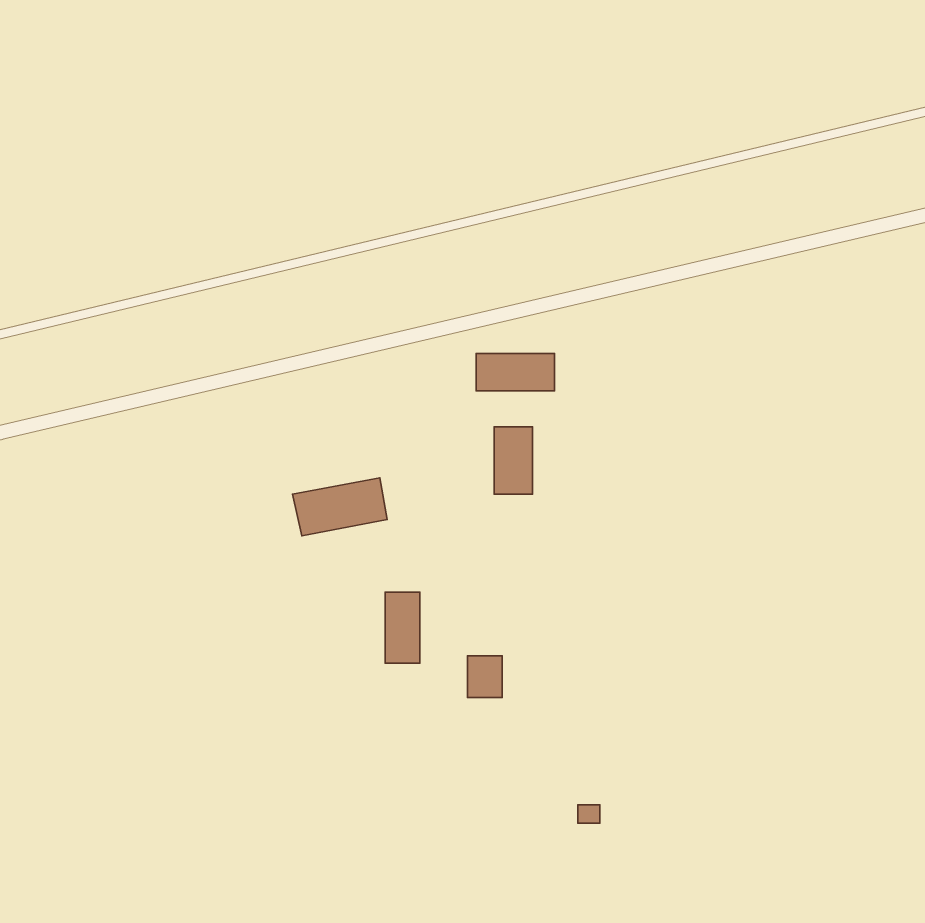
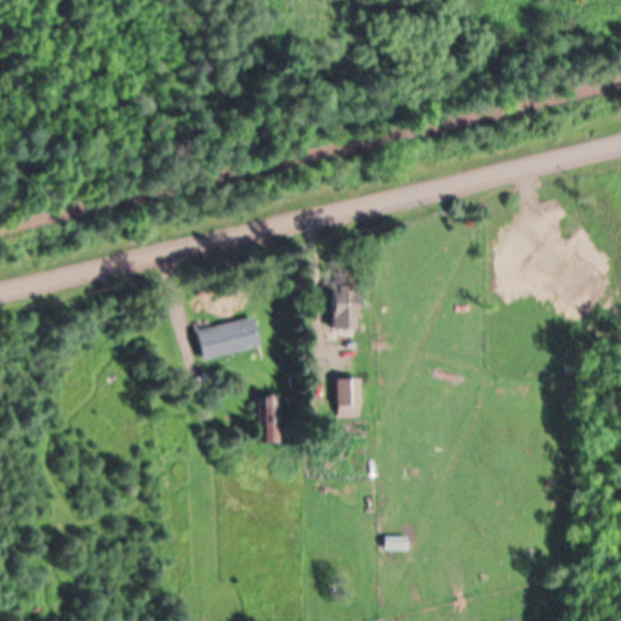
building: [476,353,554,391] -> none
building: [468,656,502,698] -> [338,378,361,406]

